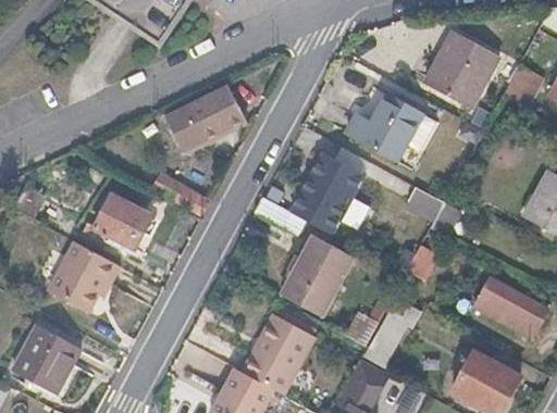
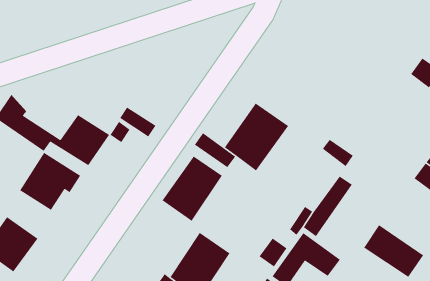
building: [421,28,497,104] -> none
building: [165,83,239,142] -> none
building: [350,92,430,160] -> none
building: [283,236,352,315] -> [162,155,223,222]

